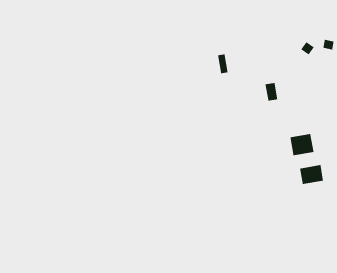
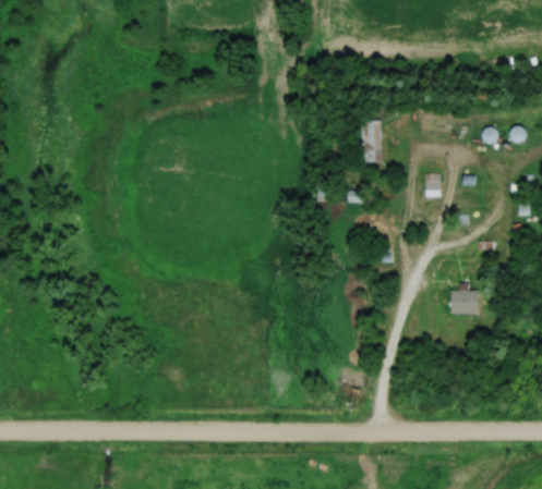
building: [289,133,314,156] -> none

